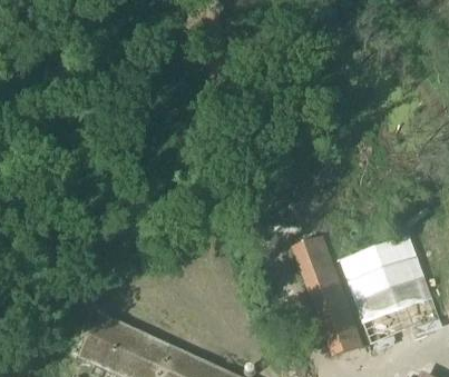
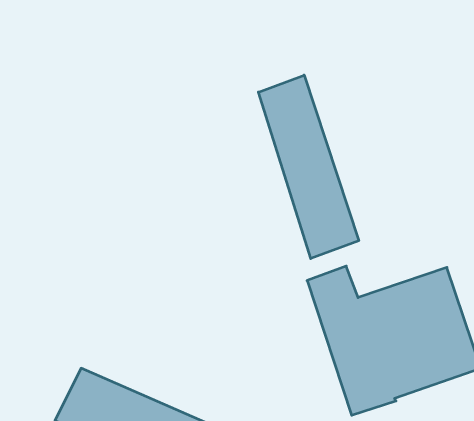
building: none -> [258,75,359,259]

